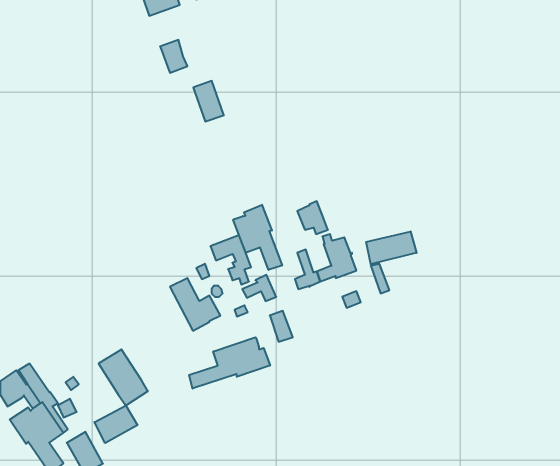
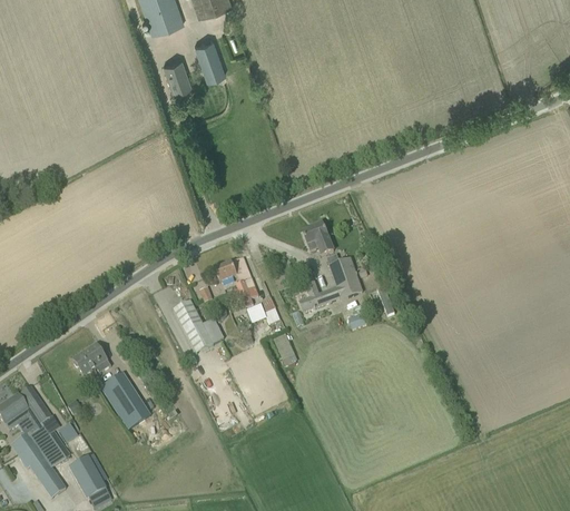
building: [193,81,224,122] -> [194,38,225,79]
building: [233,205,282,270] -> none
building: [366,231,417,264] -> none
building: none -> [72,343,110,374]
building: [189,337,270,389] -> none
building: [94,405,137,443] -> none

